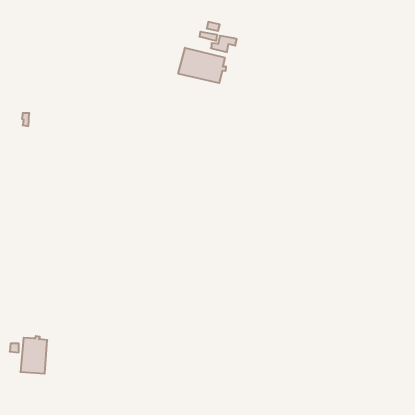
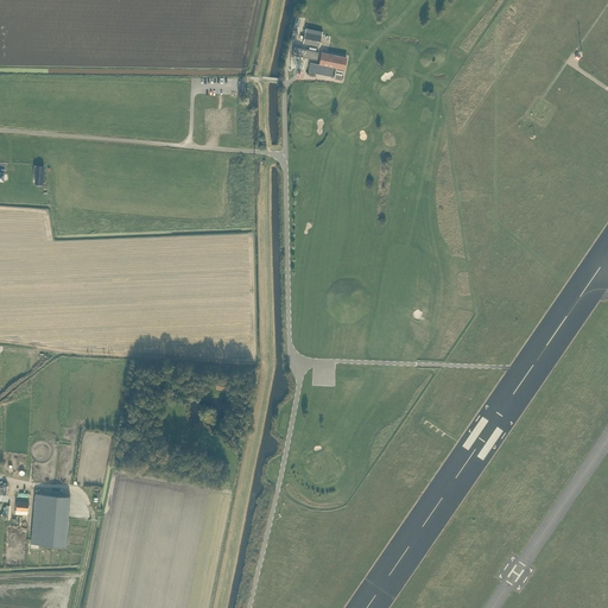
building: [178,48,226,83] -> none

